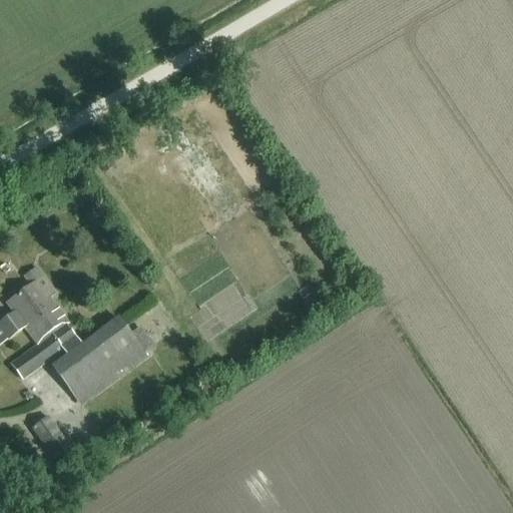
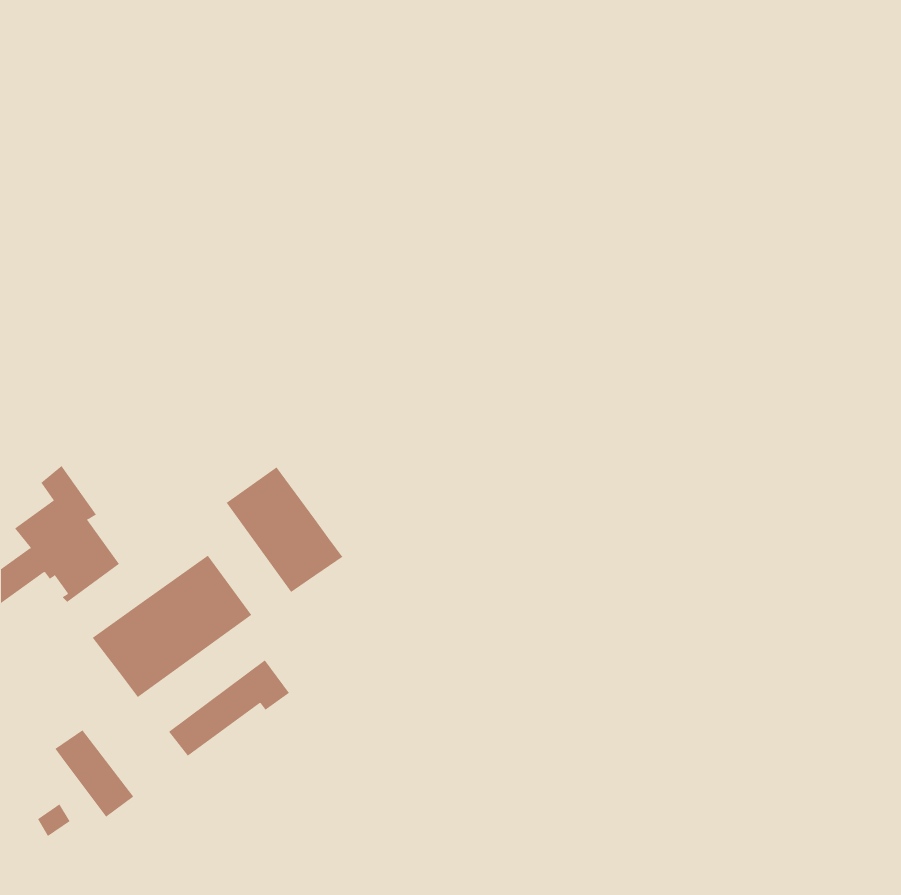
building: none -> [226,467,343,593]
building: [11,324,80,379] -> [168,659,290,756]

